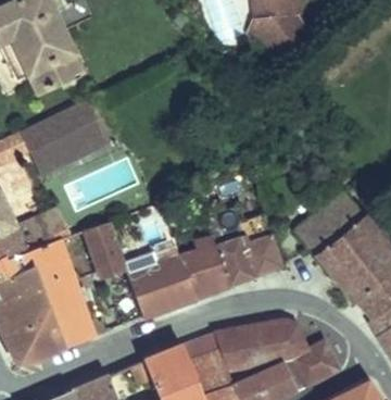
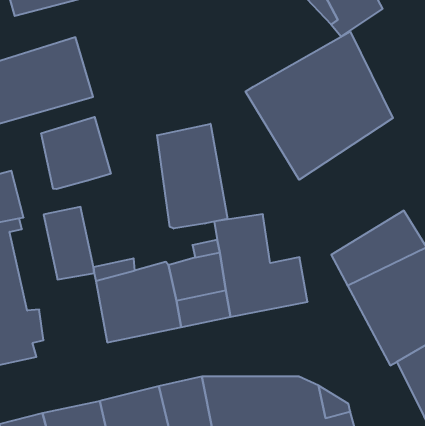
building: none -> [246,32,393,180]
building: none -> [157,124,228,229]
building: none -> [41,117,111,189]

